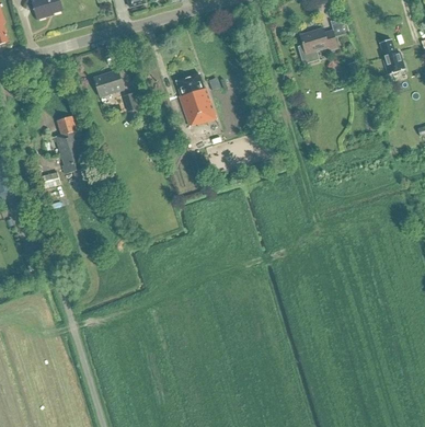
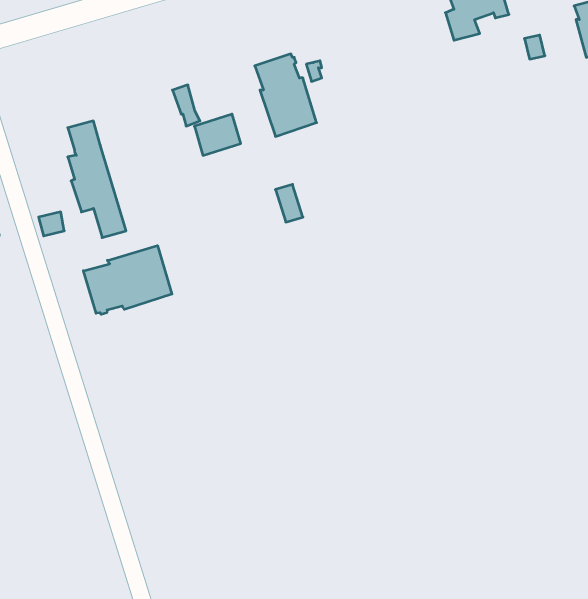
building: [93,70,123,96] -> [194,114,241,155]
building: none -> [83,246,172,314]

